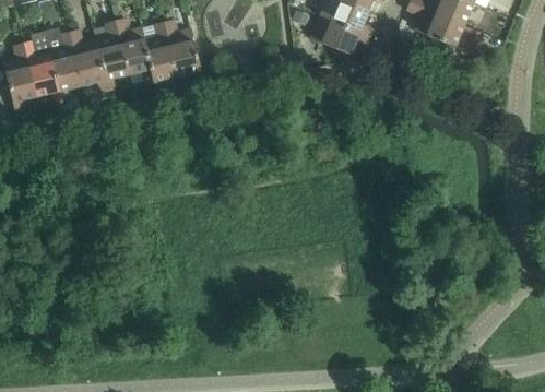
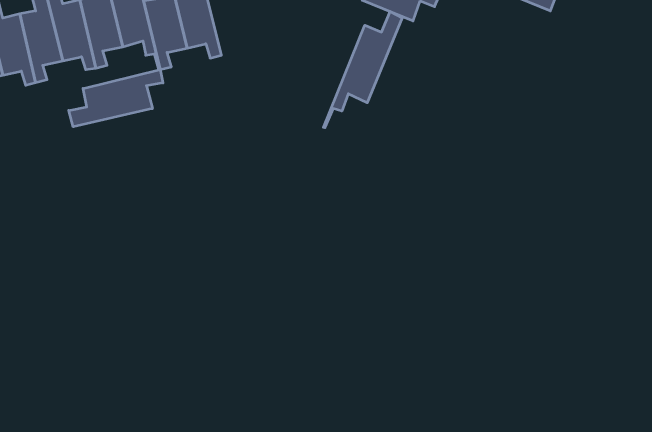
building: none -> [323,11,402,128]
building: none -> [69,70,163,127]

